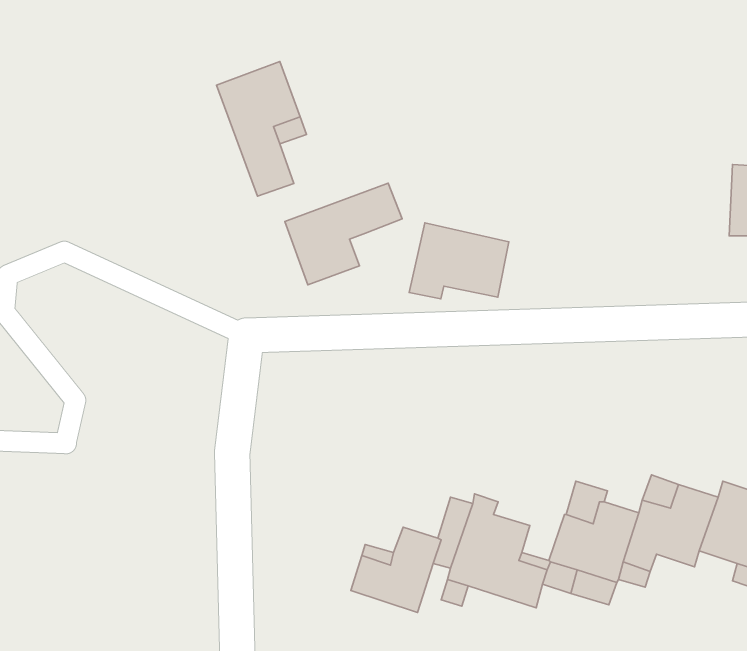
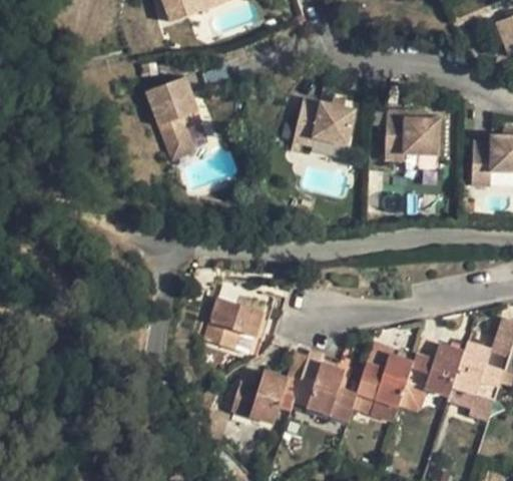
building: none -> [385,110,441,160]
building: [285,183,402,285] -> none
building: [409,223,509,299] -> [293,98,356,146]
building: none -> [203,297,264,355]

